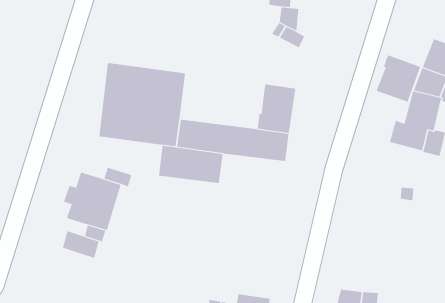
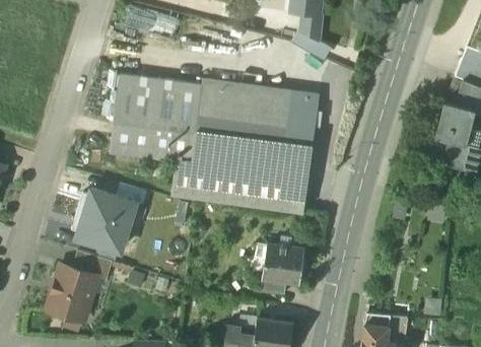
building: [376,55,421,103] -> none
building: none -> [197,84,286,143]
building: none -> [238,169,308,210]
building: none -> [256,245,303,283]
building: none -> [46,265,96,319]

